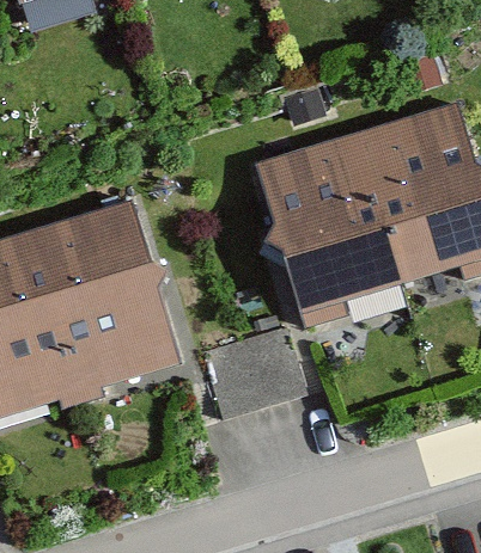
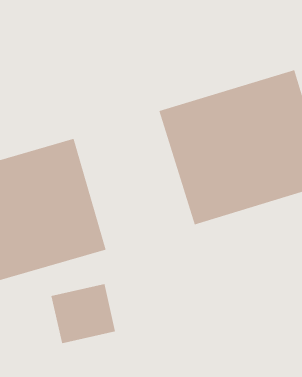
building: [203,322,298,410] -> [51,283,116,344]

